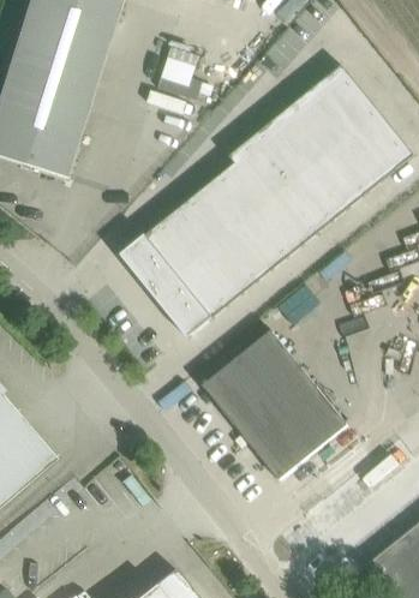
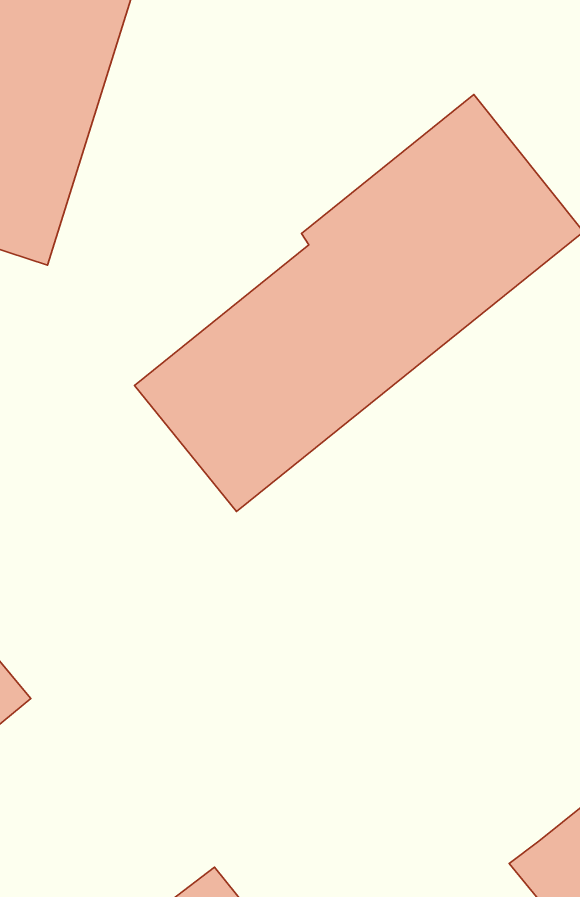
building: [203,330,347,480] -> none

